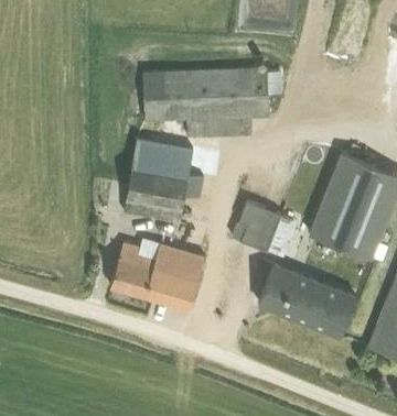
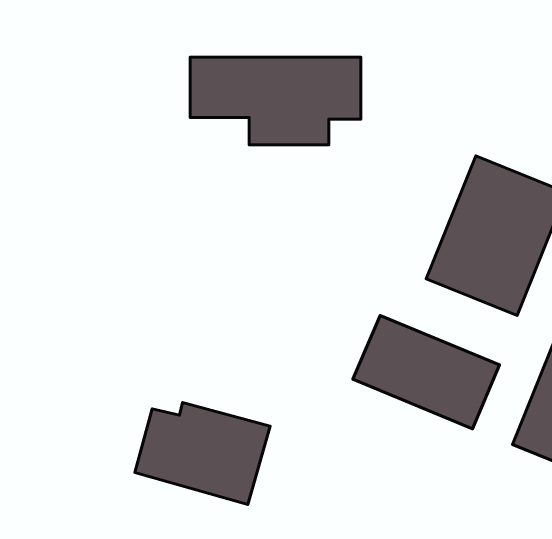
building: [124,143,191,228] -> none
building: [228,207,280,240] -> none
building: [111,240,205,310] -> [135,402,270,504]

